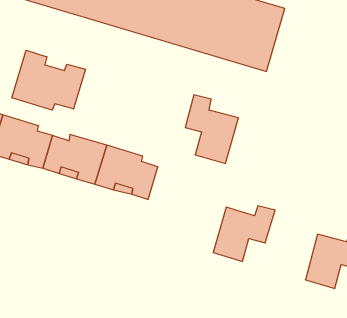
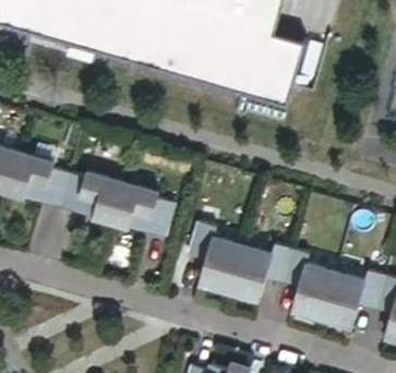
building: [12,50,86,110] -> none
building: [185,95,238,163] -> [190,220,243,289]
building: none -> [283,246,335,316]

